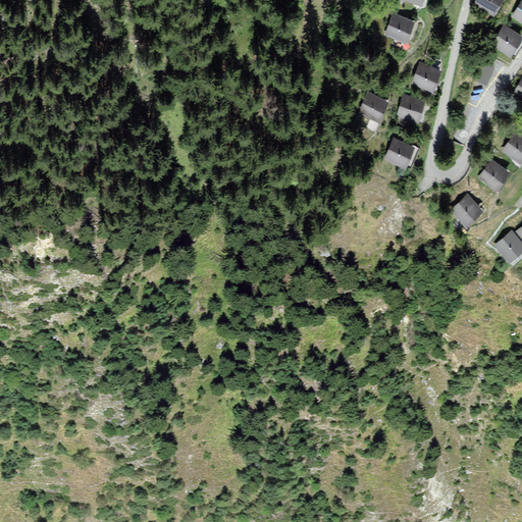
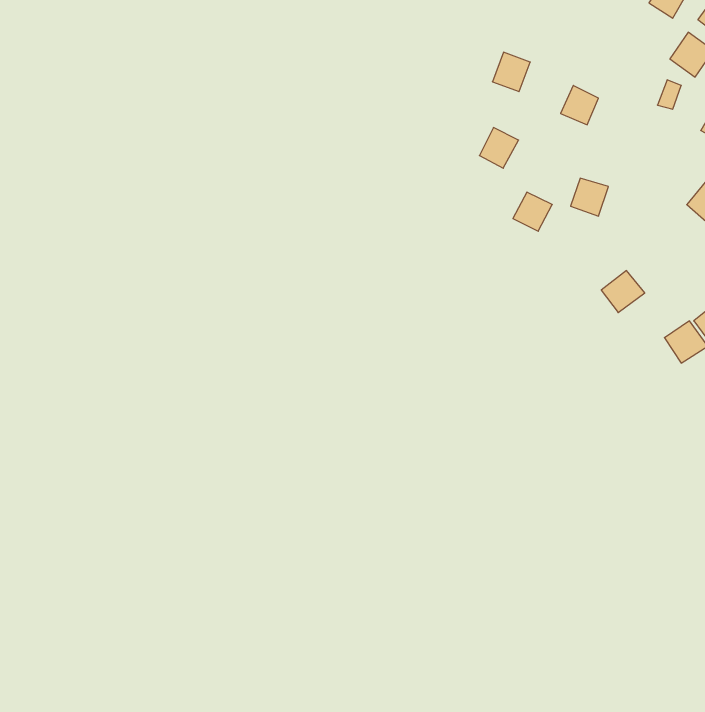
building: [386,13,414,42] -> [492,52,530,92]
building: [399,95,426,122] -> [571,178,608,216]
building: [479,161,510,192] -> none

